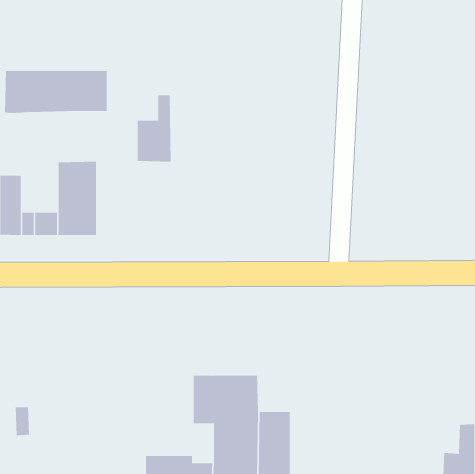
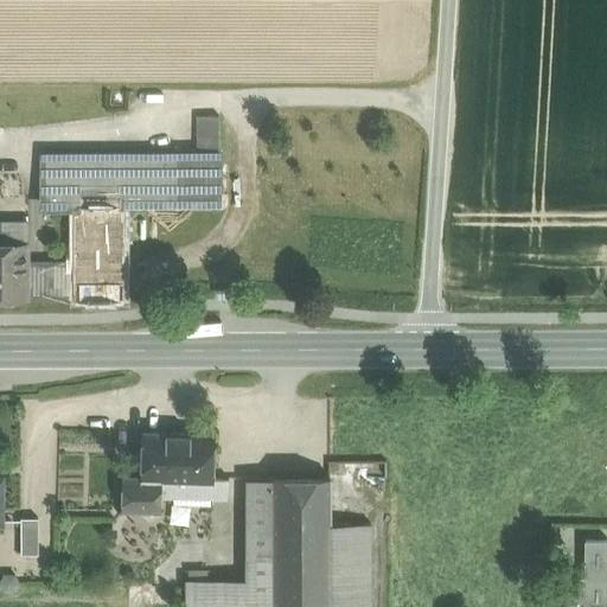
building: [4,71,108,113] -> [43,155,174,210]
building: none -> [121,434,226,513]
building: none -> [245,542,271,592]

